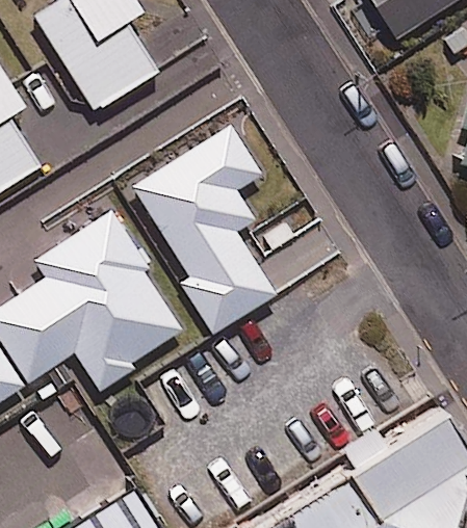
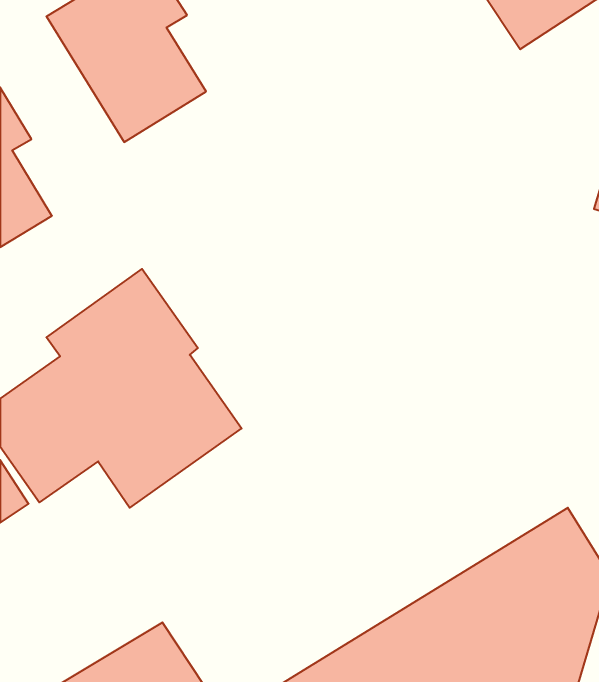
building: [133,126,276,334] -> none

